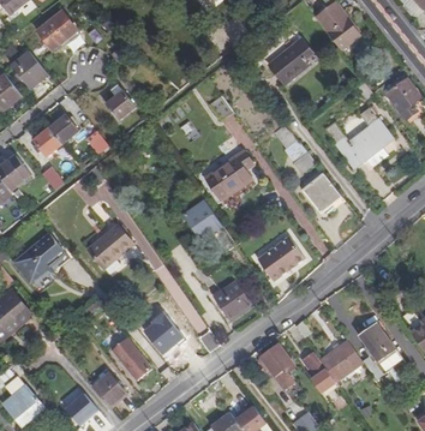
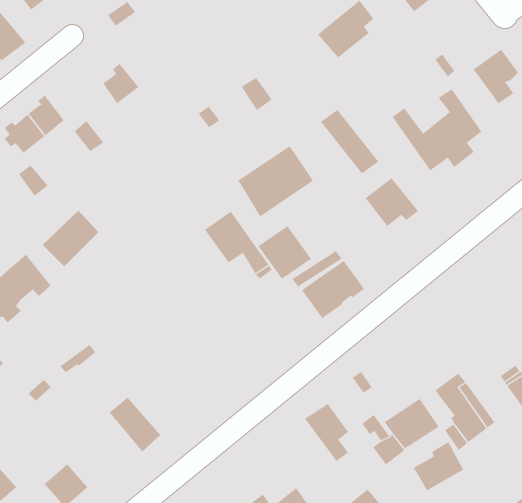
building: [88,225,131,268] -> [42,210,99,267]
building: [210,280,251,321] -> [258,226,312,280]
building: [140,311,180,352] -> none
building: [90,371,124,406] -> none
building: none -> [413,441,464,491]

